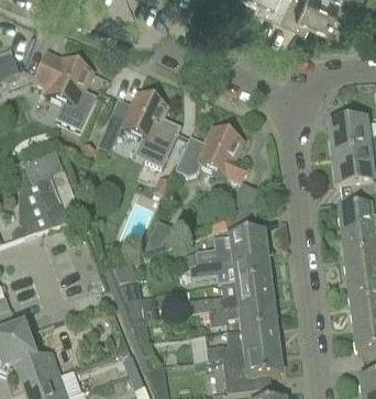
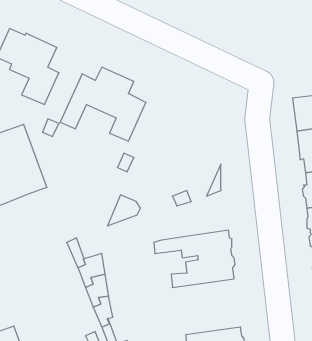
building: [176,126,250,182] -> none
building: [196,232,265,266] -> none
building: [207,304,277,362] -> none

